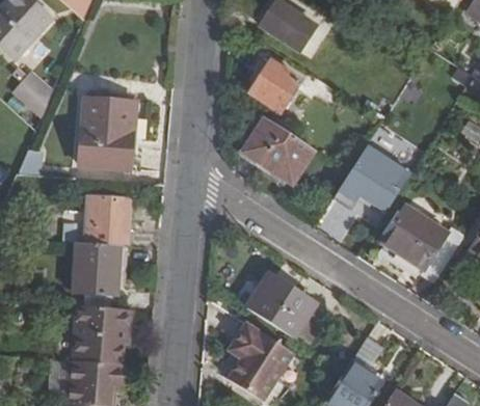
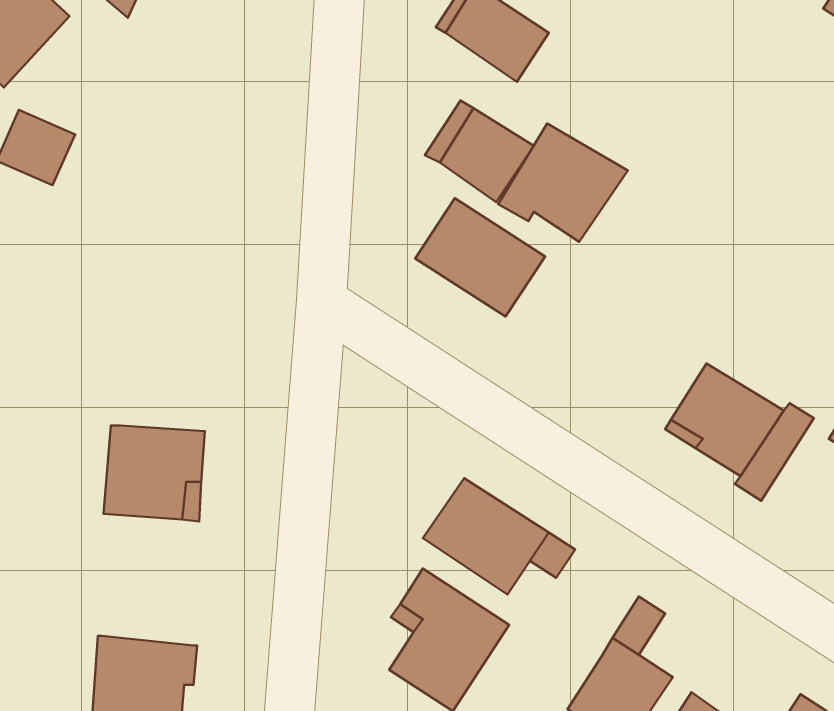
building: [80,85,136,169] -> none
building: [341,150,412,215] -> [498,123,628,242]
building: [80,197,131,246] -> none
building: [70,306,131,364] -> none

